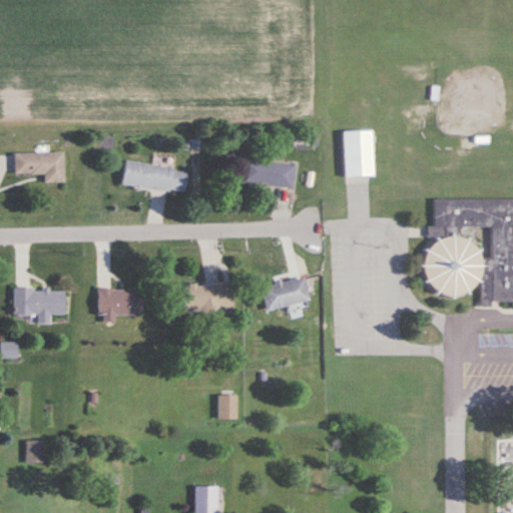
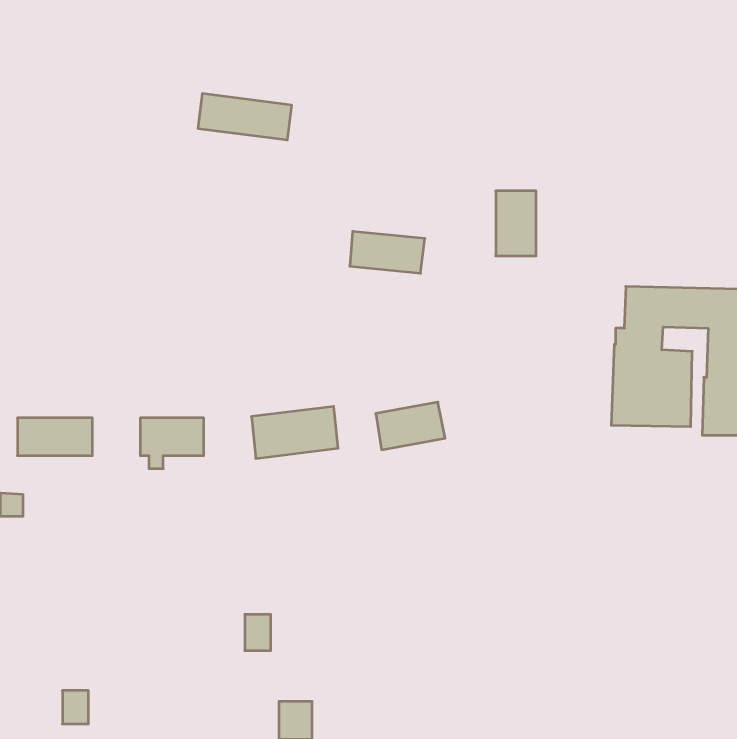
building: [14,153,64,183] -> none
building: [122,162,187,194] -> [198,94,292,140]
building: [218,395,236,420] -> [245,614,271,651]
building: [26,440,44,463] -> [62,691,88,724]

